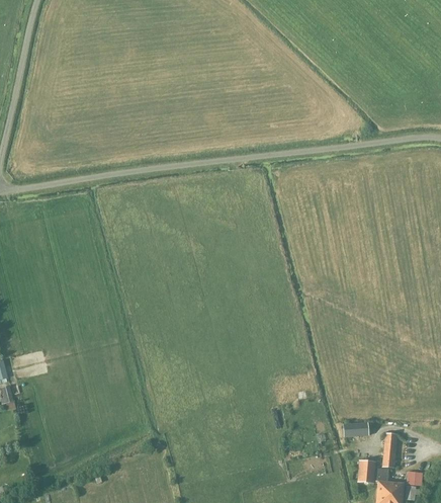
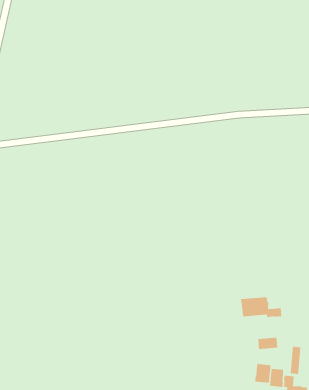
building: none -> [240,296,282,318]
building: none -> [255,363,271,383]

